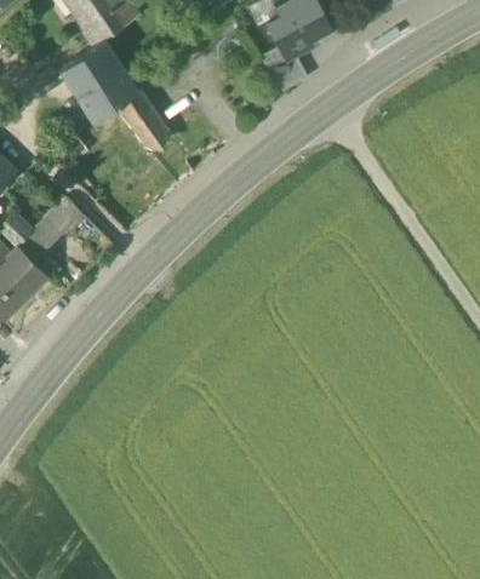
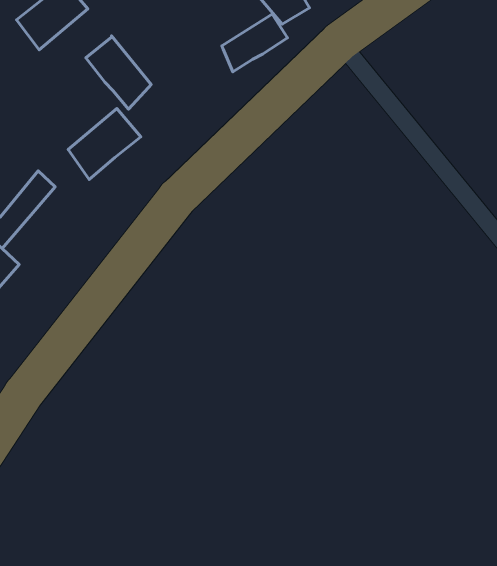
building: [79,65,141,124] -> [68,108,141,180]
building: none -> [222,13,287,72]

